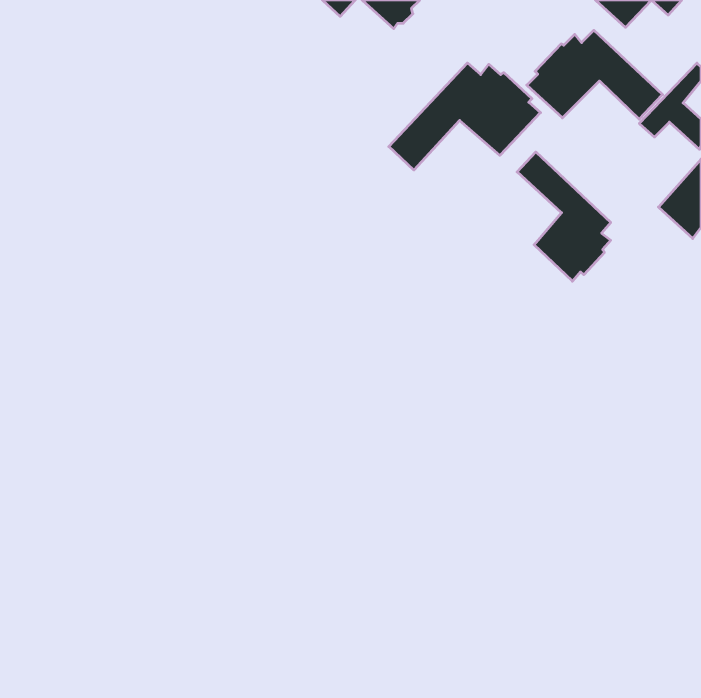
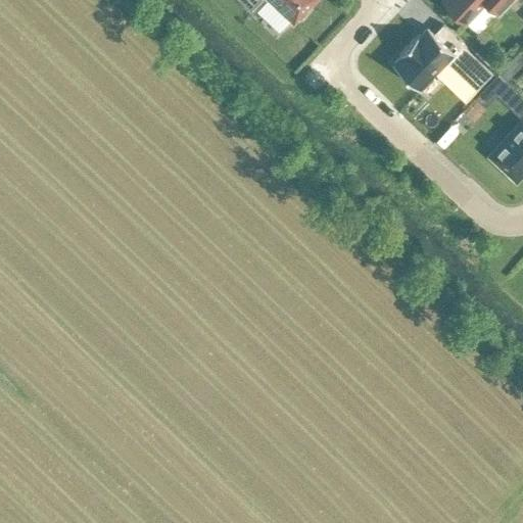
building: [389,63,541,170] -> none
building: [517,152,611,281] -> none

